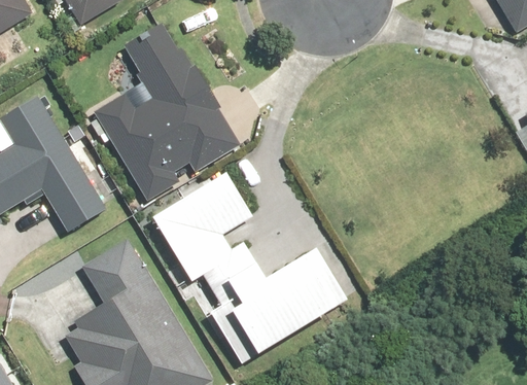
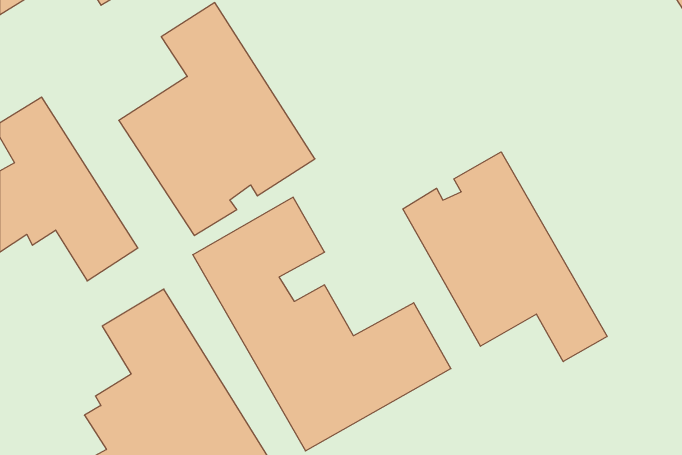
building: none -> [403,152,607,362]

